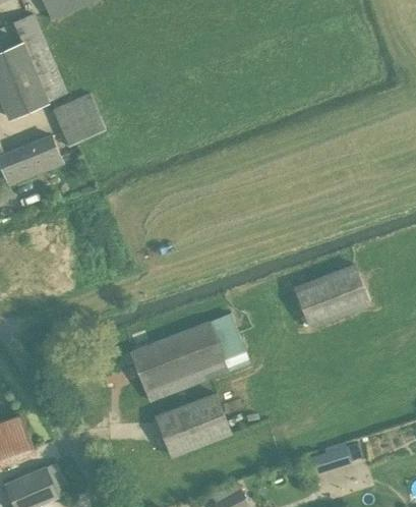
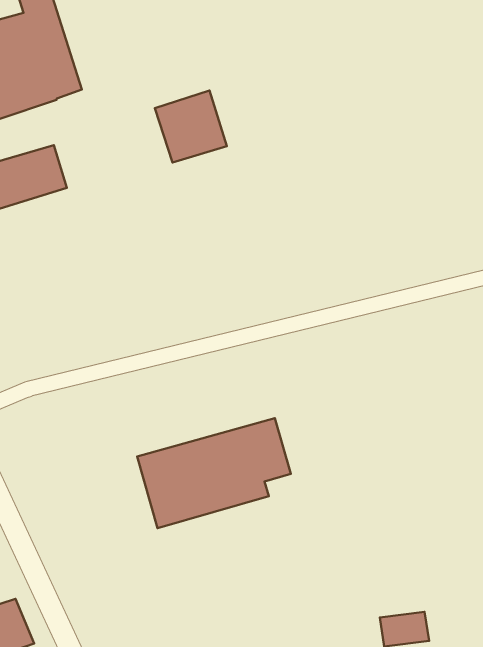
building: [50,93,104,147] -> [155,90,227,162]
building: [295,267,369,328] -> none
building: [154,393,228,455] -> none

